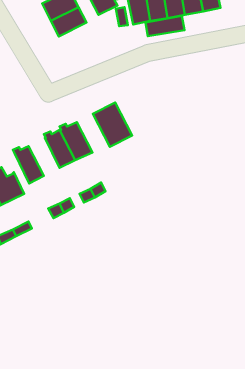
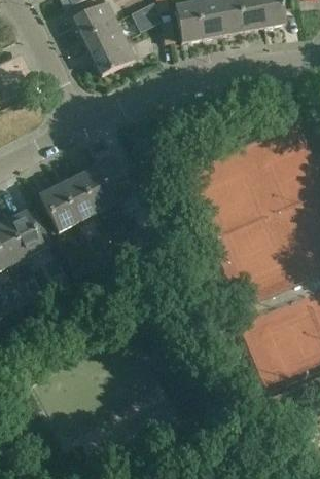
building: [145,16,185,36] -> none
building: none -> [94,39,135,74]
building: [93,102,132,147] -> none
building: none -> [58,176,95,221]

